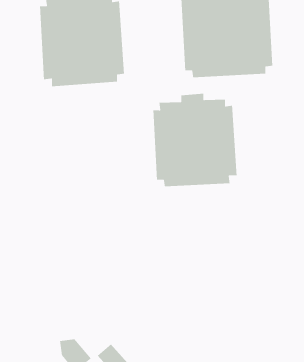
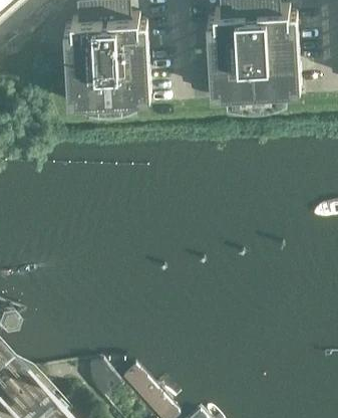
building: [152,93,238,187] -> none

